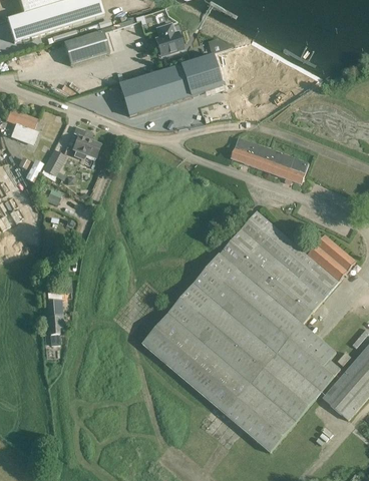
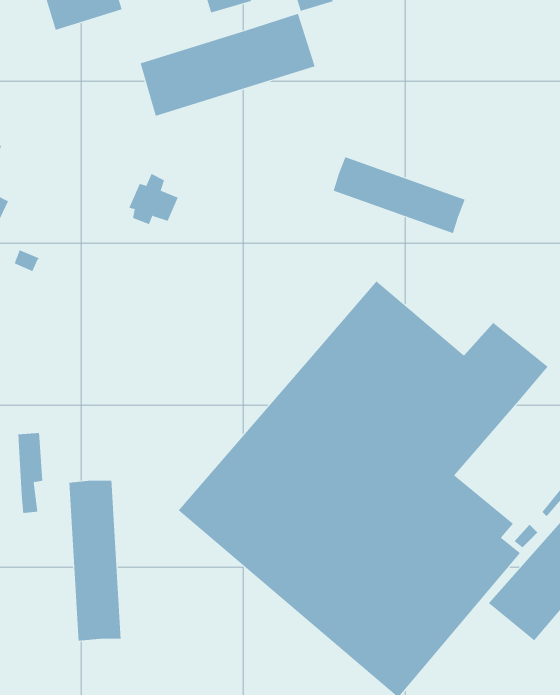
building: [72,128,101,158] -> [129,173,179,225]
building: [43,148,66,179] -> none
building: none -> [69,480,121,642]

